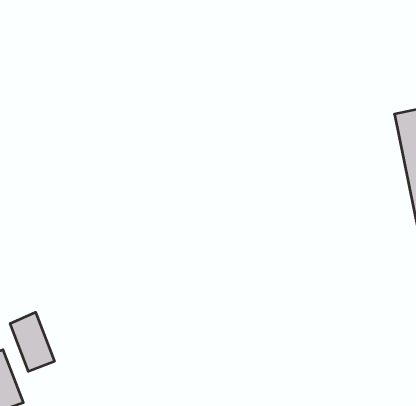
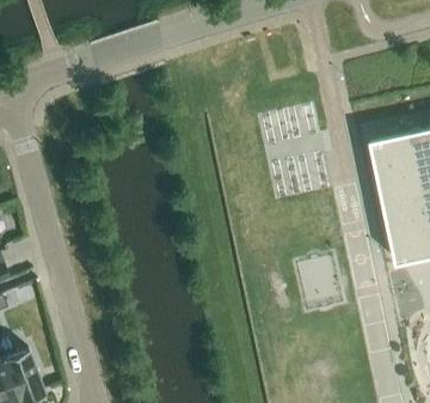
building: [10,312,54,371] -> none

